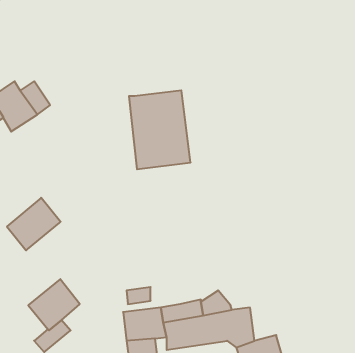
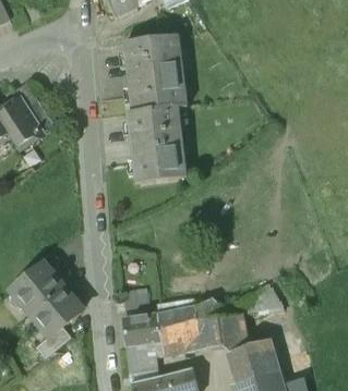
building: none -> [124,35,188,112]
building: [7,198,61,250] -> [12,262,63,313]

